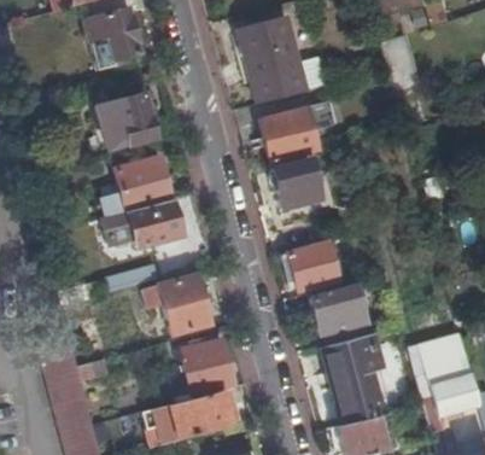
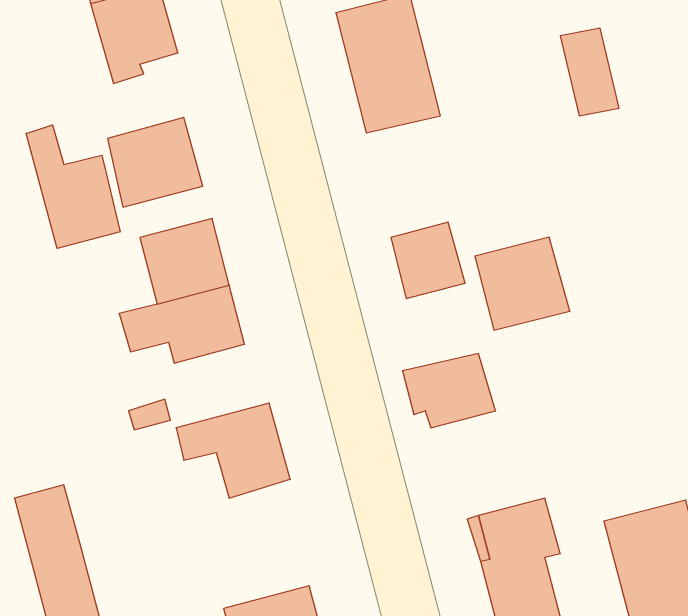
building: none -> [26,125,120,248]
building: [261,105,321,164] -> [475,237,570,330]
building: [311,286,366,332] -> none
building: [180,340,233,396] -> none

